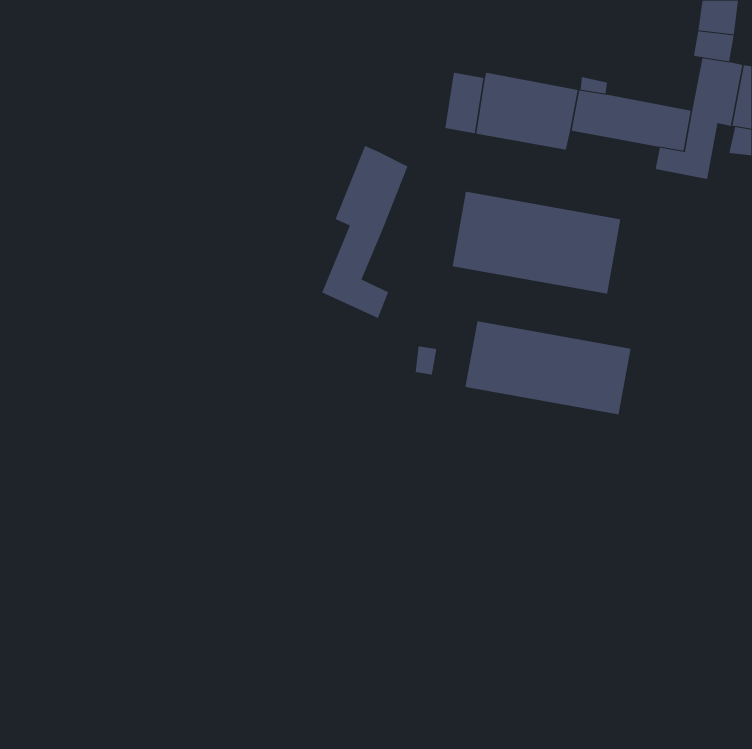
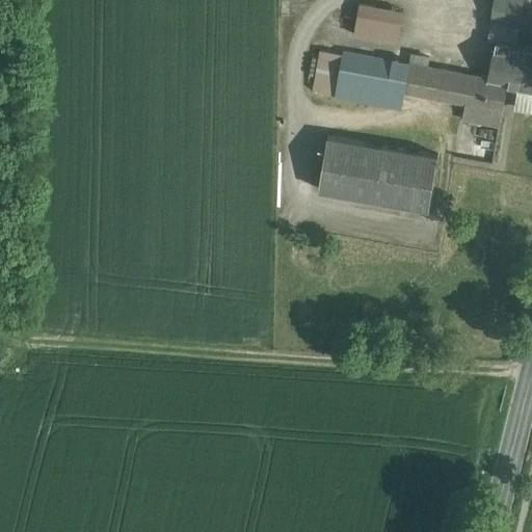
building: none -> [354,6,403,46]
building: [322,145,408,319] -> none
building: [465,320,631,415] -> none

